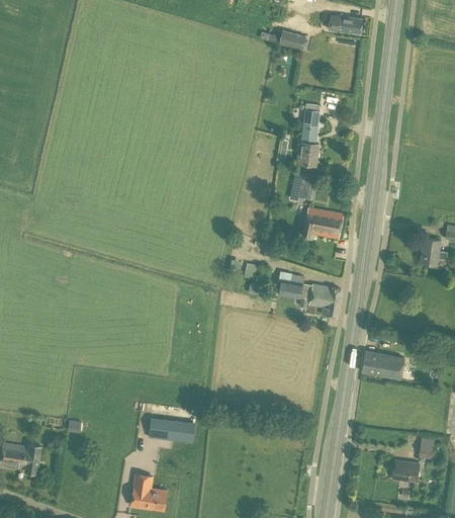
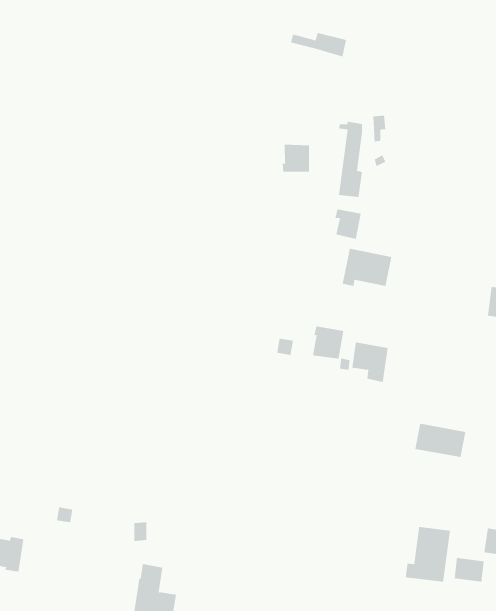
building: [336,16,362,34] -> none
building: none -> [282,144,310,173]
building: [148,417,195,443] -> none
building: none -> [405,526,450,582]

